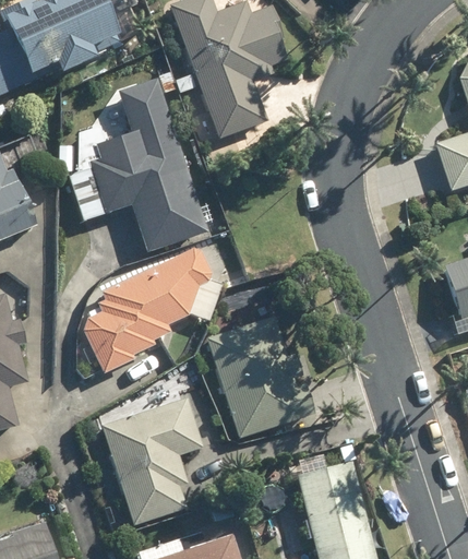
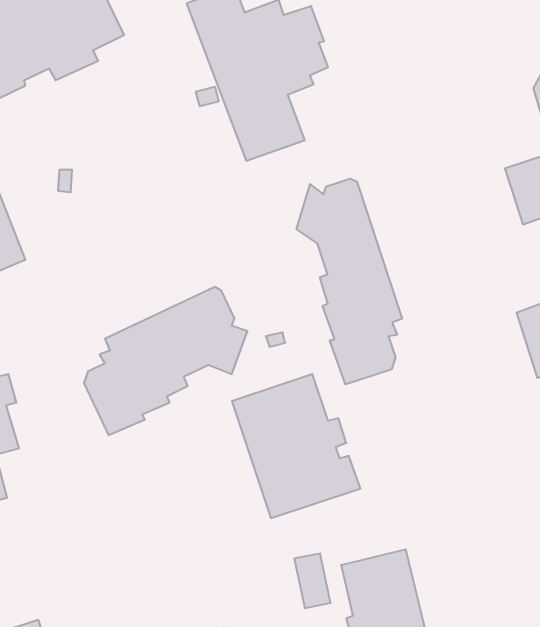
building: [68,76,212,253] -> none
building: none -> [296,179,402,384]
building: [101,401,205,527] -> none

